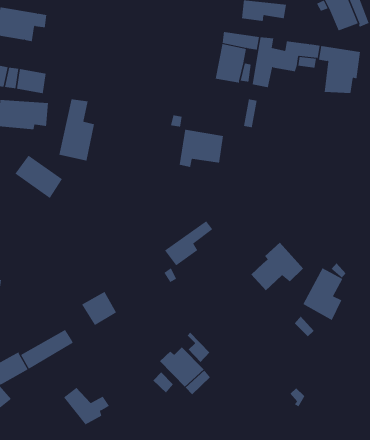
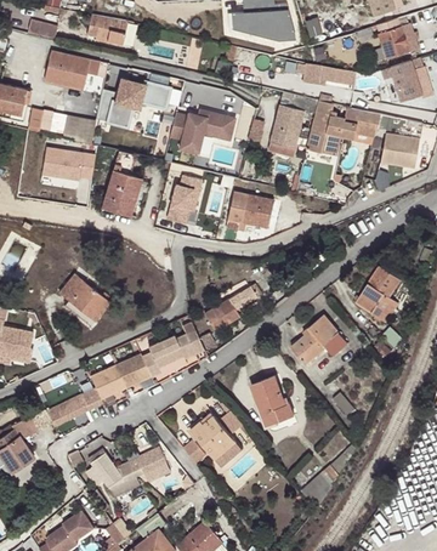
building: none -> [104,76,169,130]
building: none -> [169,112,234,154]
building: none -> [165,175,202,225]
building: [14,155,63,199] -> [58,274,108,322]
building: none -> [140,328,203,376]
building: [303,268,343,321] -> [354,268,398,324]
building: none -> [89,365,125,401]
building: none -> [250,377,294,427]
building: none -> [129,447,166,477]

